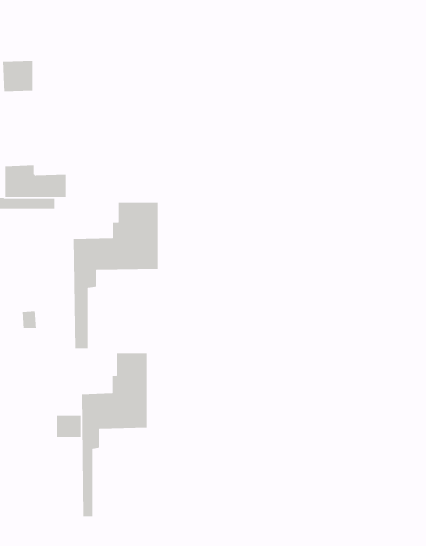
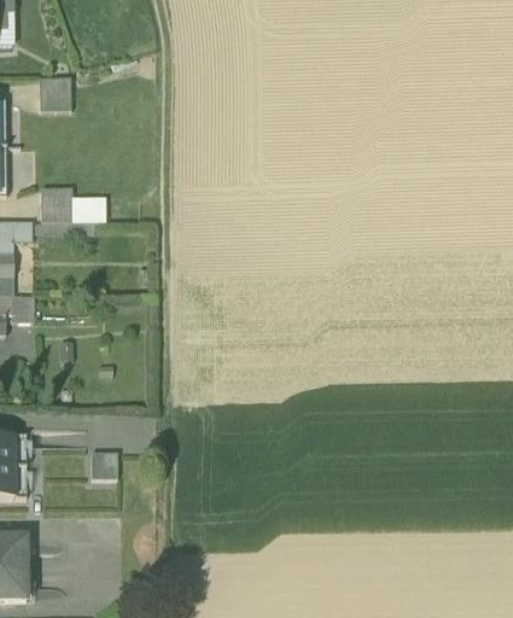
building: [73,202,158,349] -> none
building: [81,353,148,517] -> none

